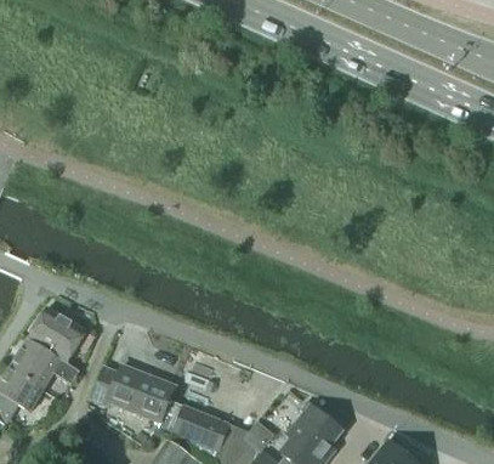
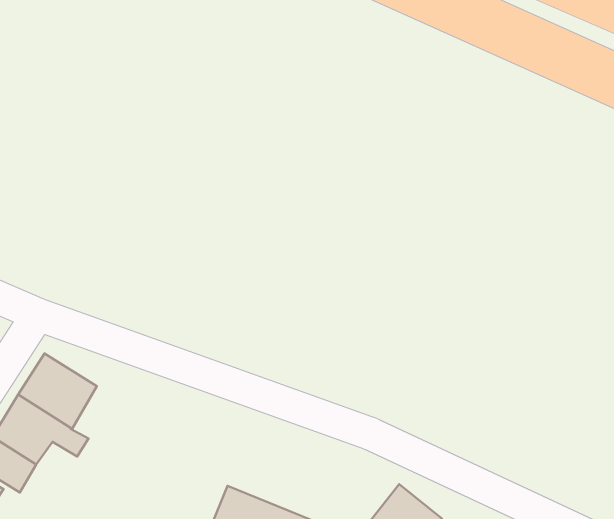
building: [91,366,175,421] -> none

